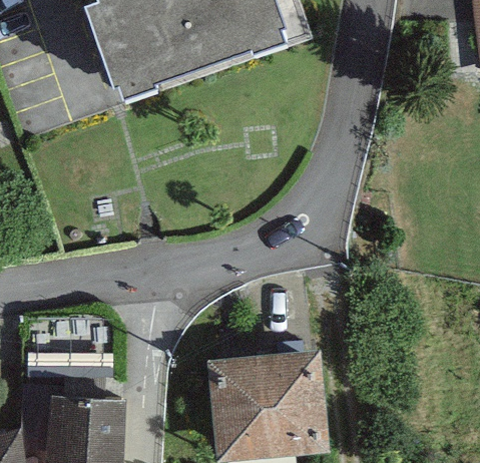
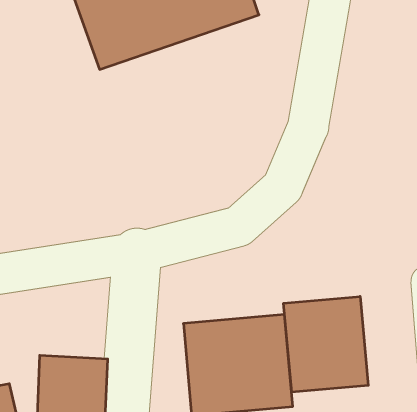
building: none -> [284,296,368,392]

